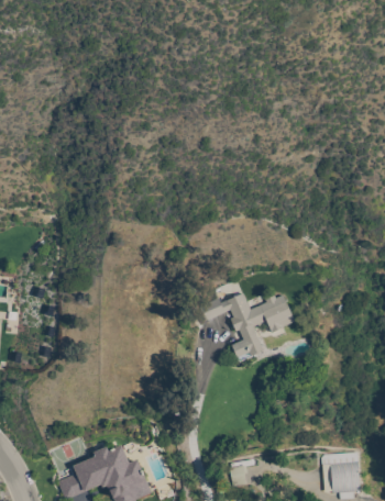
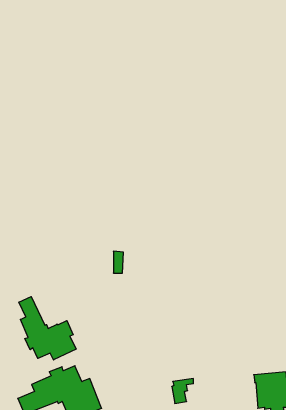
building: [200,293,296,363] -> none
building: none -> [19,297,76,360]

